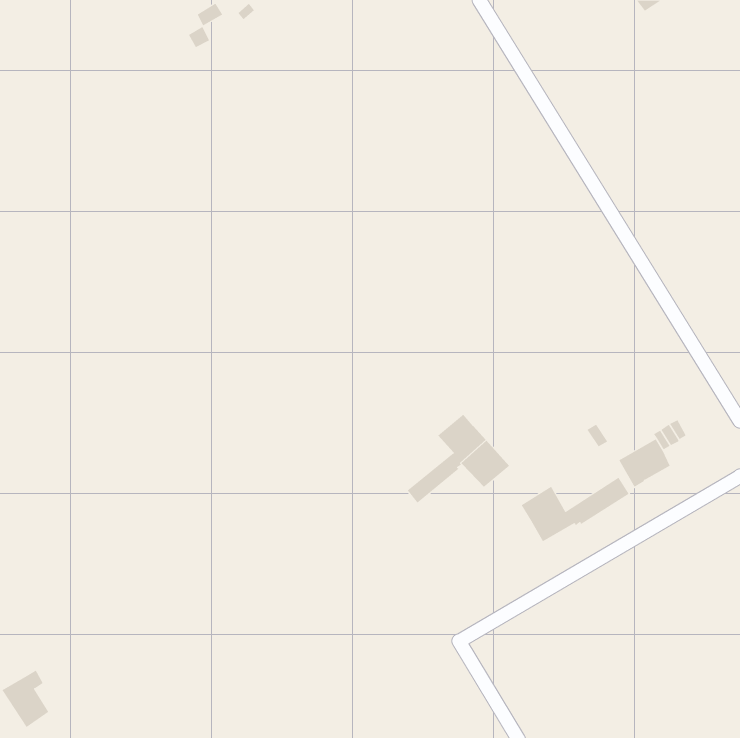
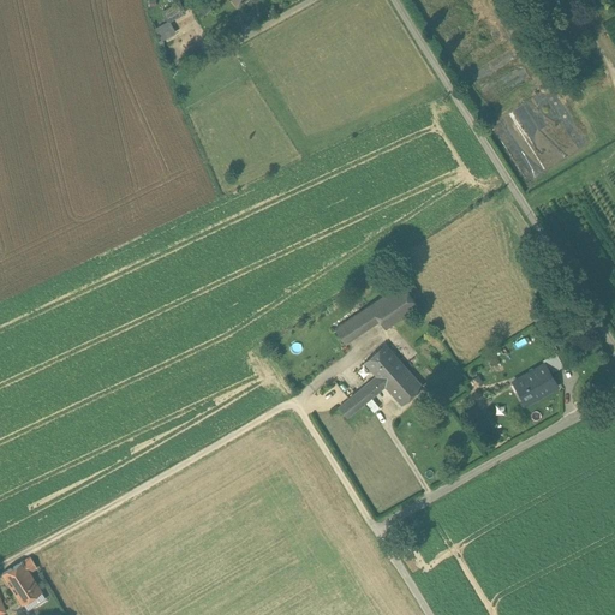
building: none -> [334,283,417,345]
building: [521,477,630,542] -> none

